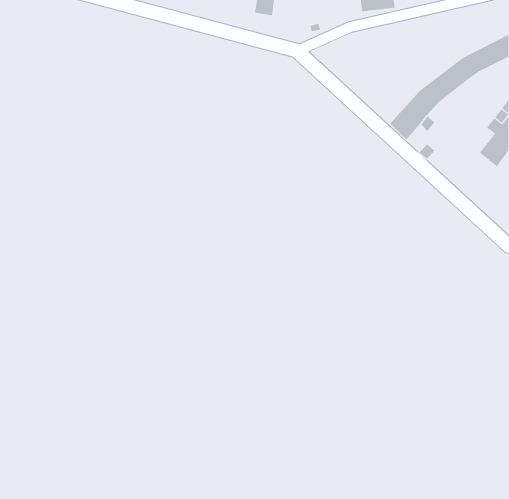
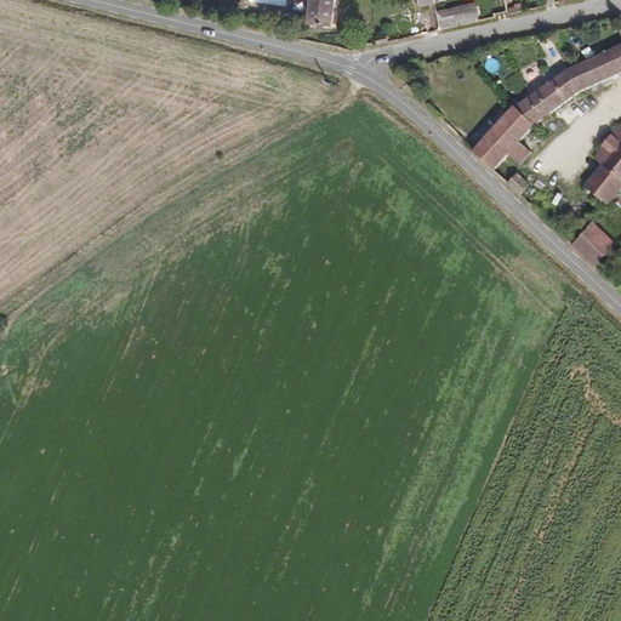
building: none -> [572,221,615,266]

